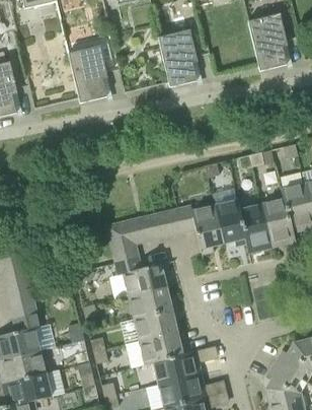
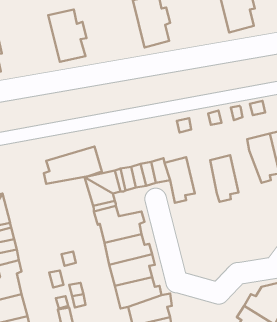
building: none -> [44,146,102,184]
building: [260,197,296,244] -> none
building: [214,199,246,245] -> none

